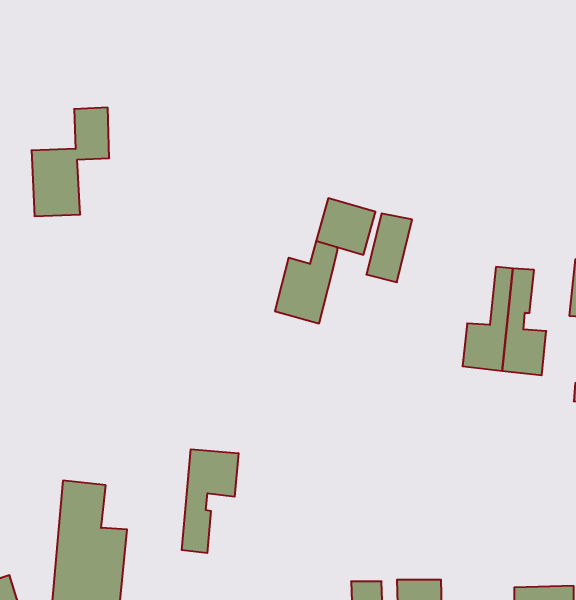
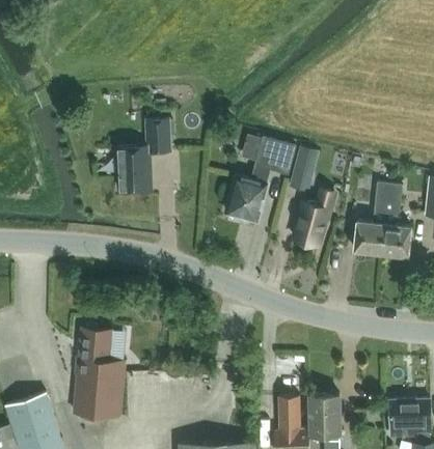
building: [31,108,109,216] -> [117,119,170,193]
building: none -> [293,191,334,246]
building: [182,449,238,553] -> none

